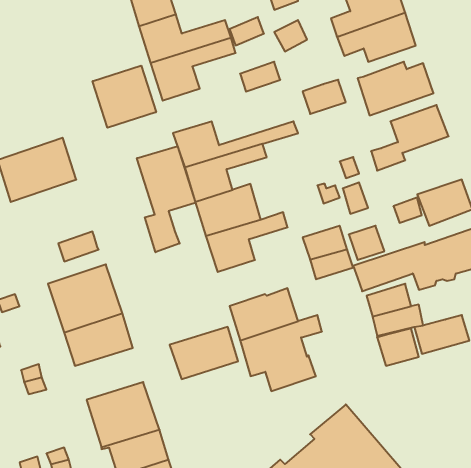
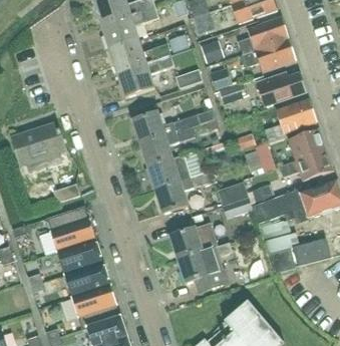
building: [93,66,156,128] -> none
building: [137,146,195,252] -> none
building: none -> [288,127,325,158]
building: [170,327,238,379] -> [64,262,110,297]

